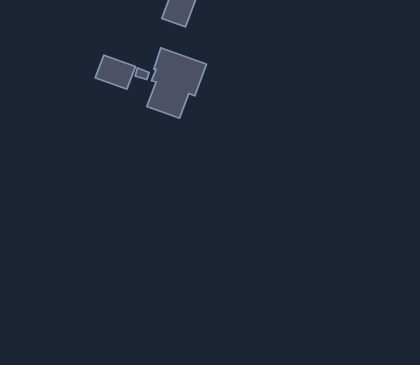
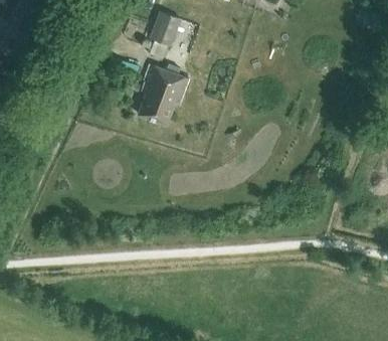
building: [95,55,135,89] -> none

